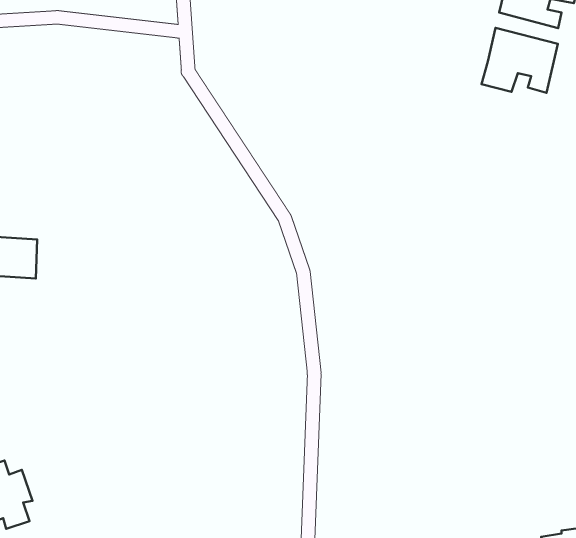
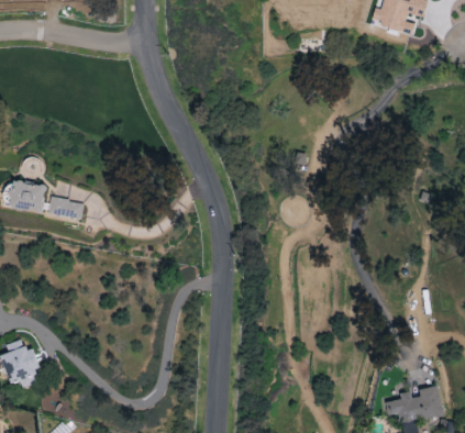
building: [481,28,558,93] -> none
building: none -> [47,196,84,220]

